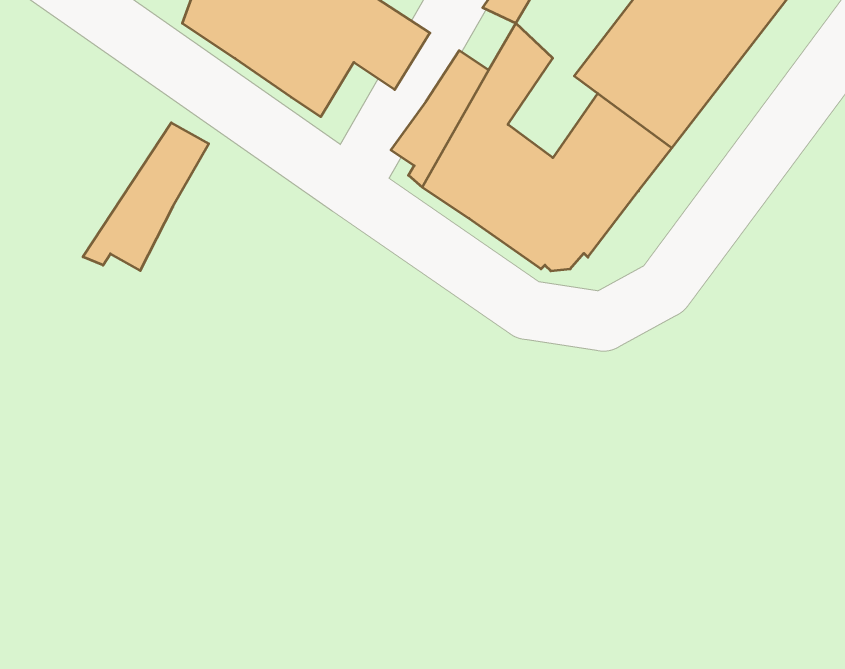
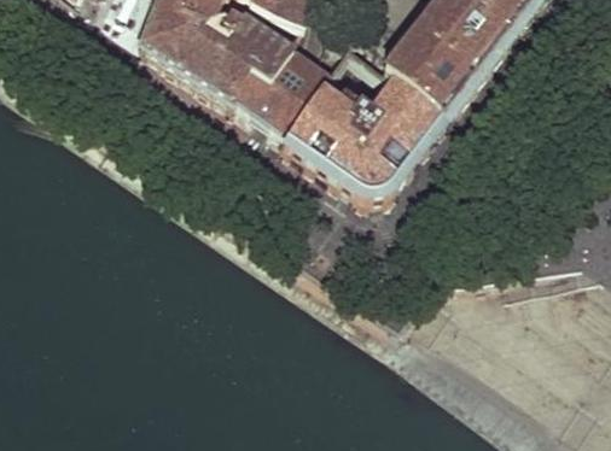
building: none -> [223,72,269,119]
building: [83,123,209,271] -> none

